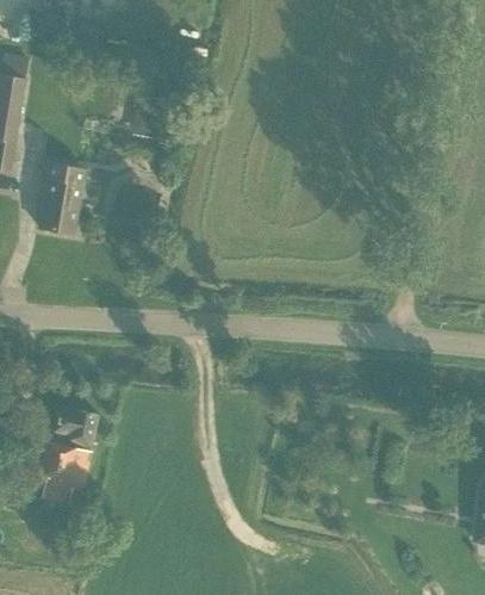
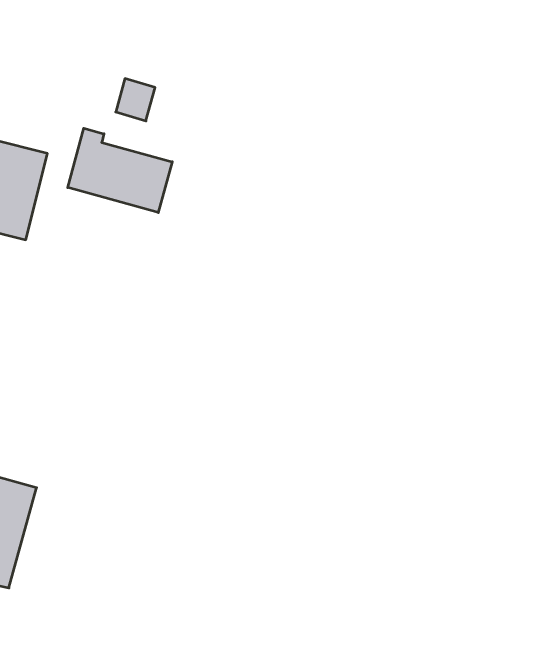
building: none -> [68,128,172,213]

